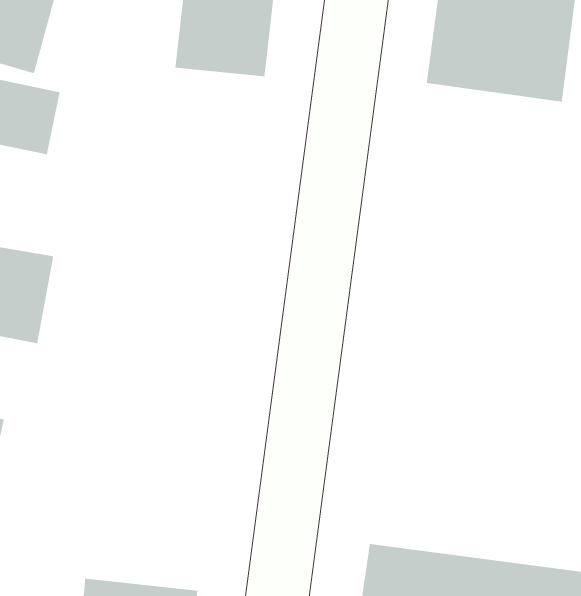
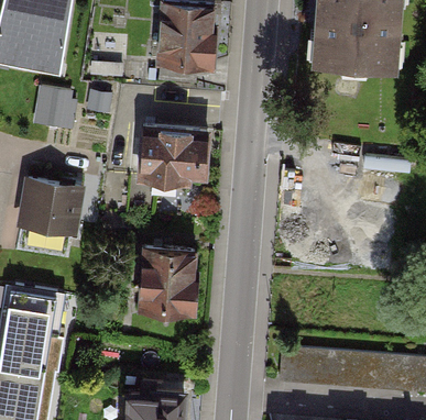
building: none -> [136,124,207,179]
building: none -> [136,253,190,310]

